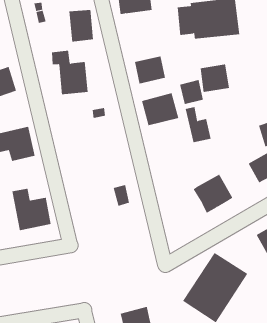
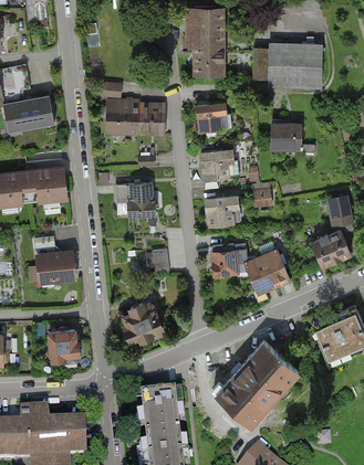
building: [68,9,94,42] -> [137,98,165,135]
building: none -> [191,49,223,76]
building: [179,79,204,105] -> none
building: none -> [115,182,155,216]
building: none -> [204,195,241,230]
building: none -> [210,243,252,282]
building: none -> [124,299,164,340]
building: none -> [49,328,79,362]

